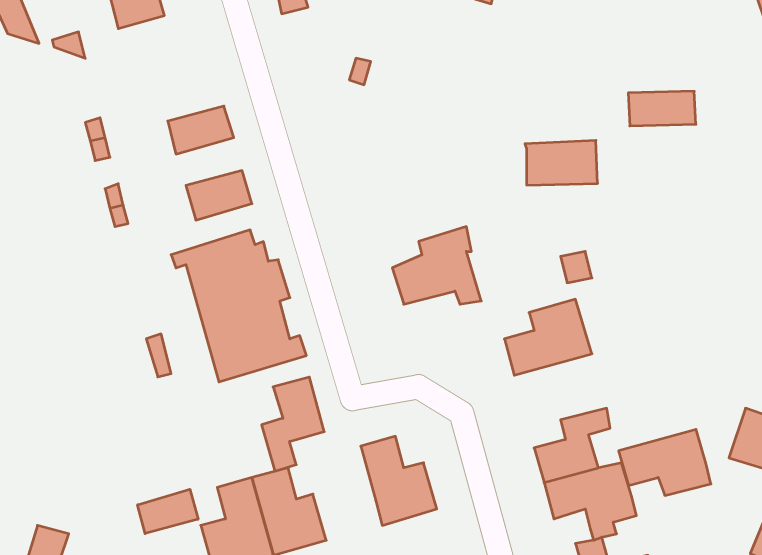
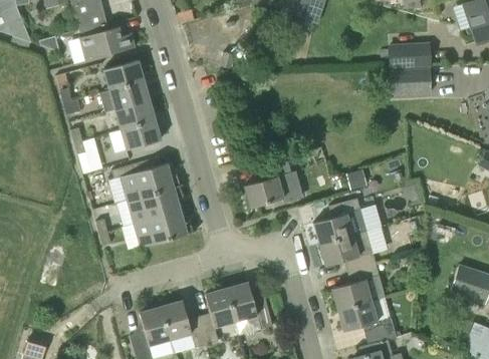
building: none -> [79,26,135,60]
building: none -> [103,59,144,89]
building: none -> [114,99,155,128]
building: [525,140,598,185] -> [388,40,432,67]
building: [262,377,324,471] -> [198,287,236,344]
building: [619,429,711,495] -> [320,231,377,271]
building: [138,489,198,534] -> none

